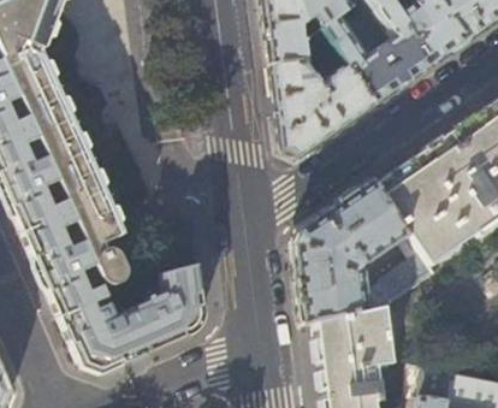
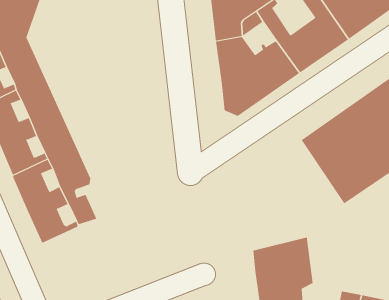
building: [297,177,435,319] -> none
building: [61,260,207,367] -> none

